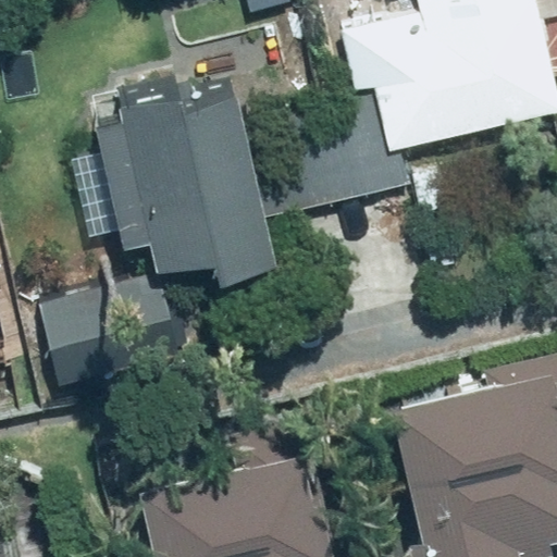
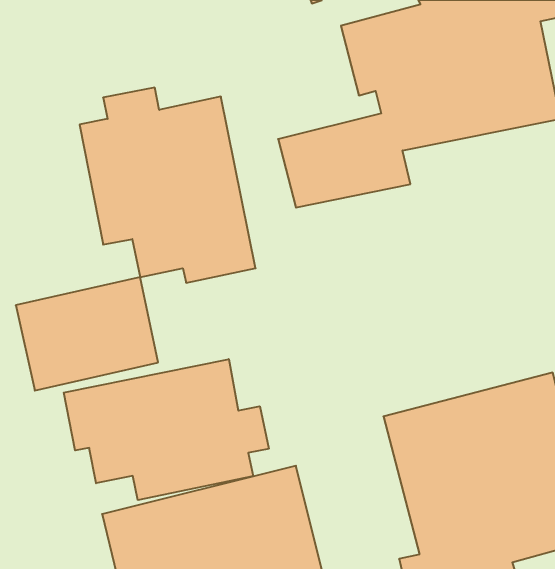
building: none -> [64,359,269,500]

